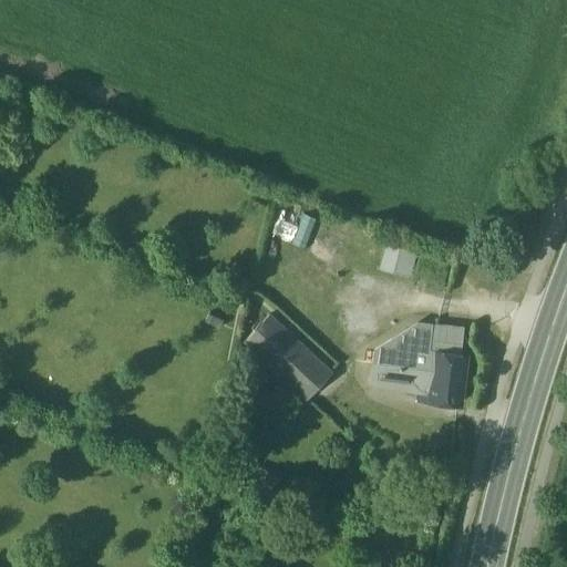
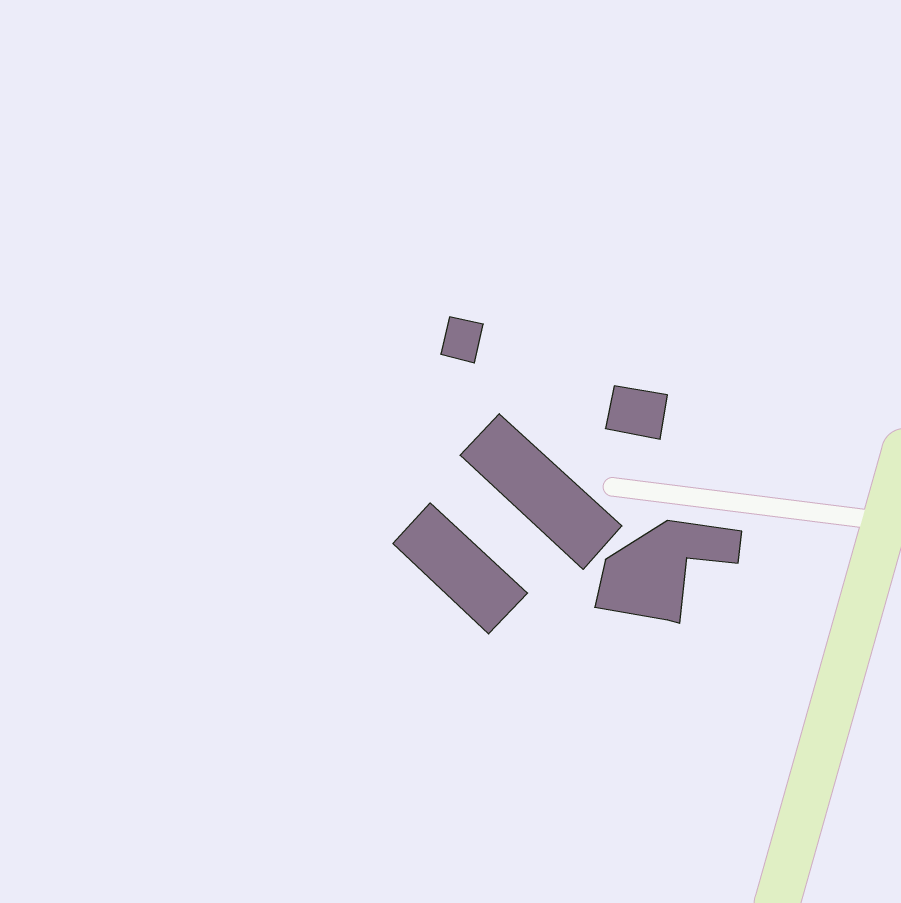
building: none -> [460,414,622,569]
building: [419,349,464,402] -> none

